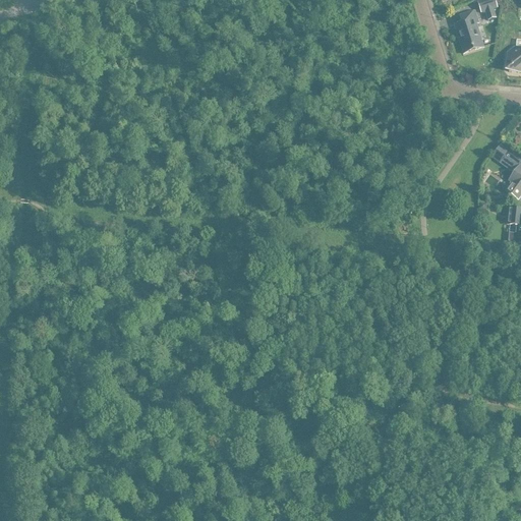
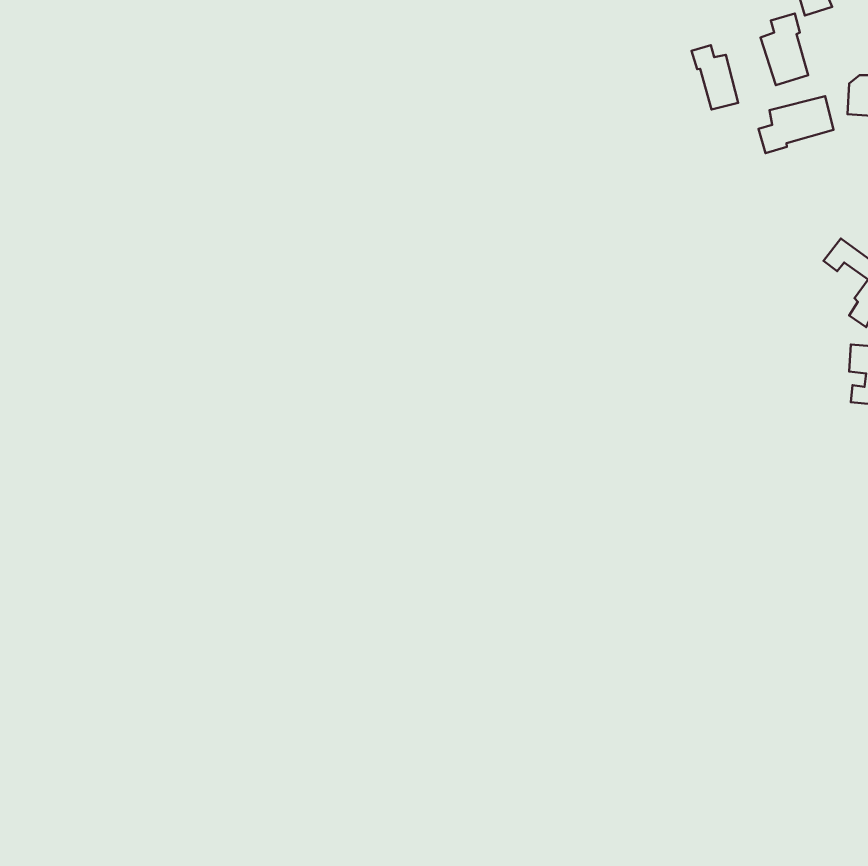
building: none -> [692,45,738,109]
building: none -> [759,96,834,153]

